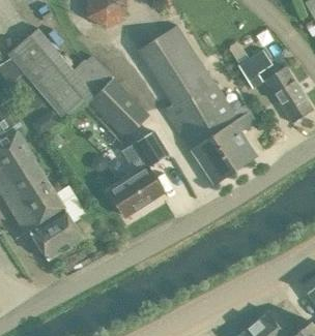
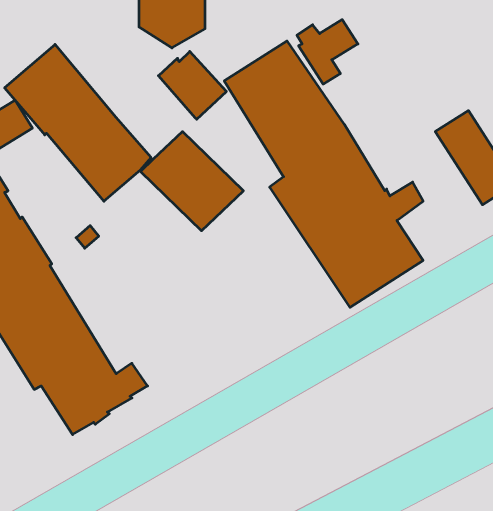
building: [235,51,271,89] -> [297,20,358,84]
building: [73,56,113,96] -> [158,51,226,119]
building: [108,139,162,217] -> none

